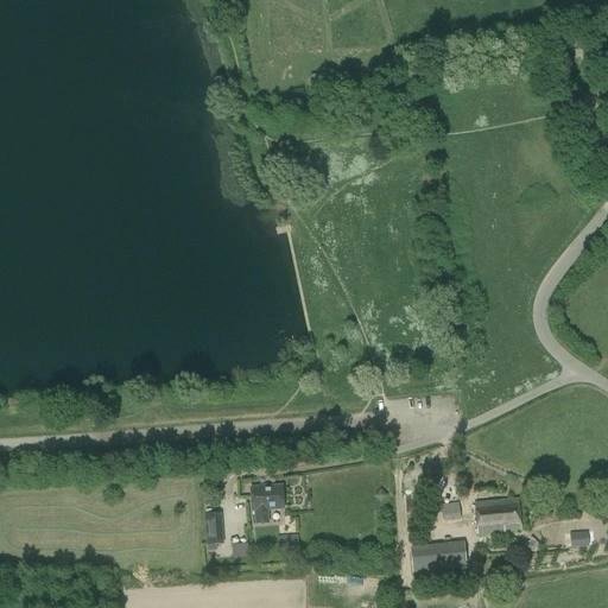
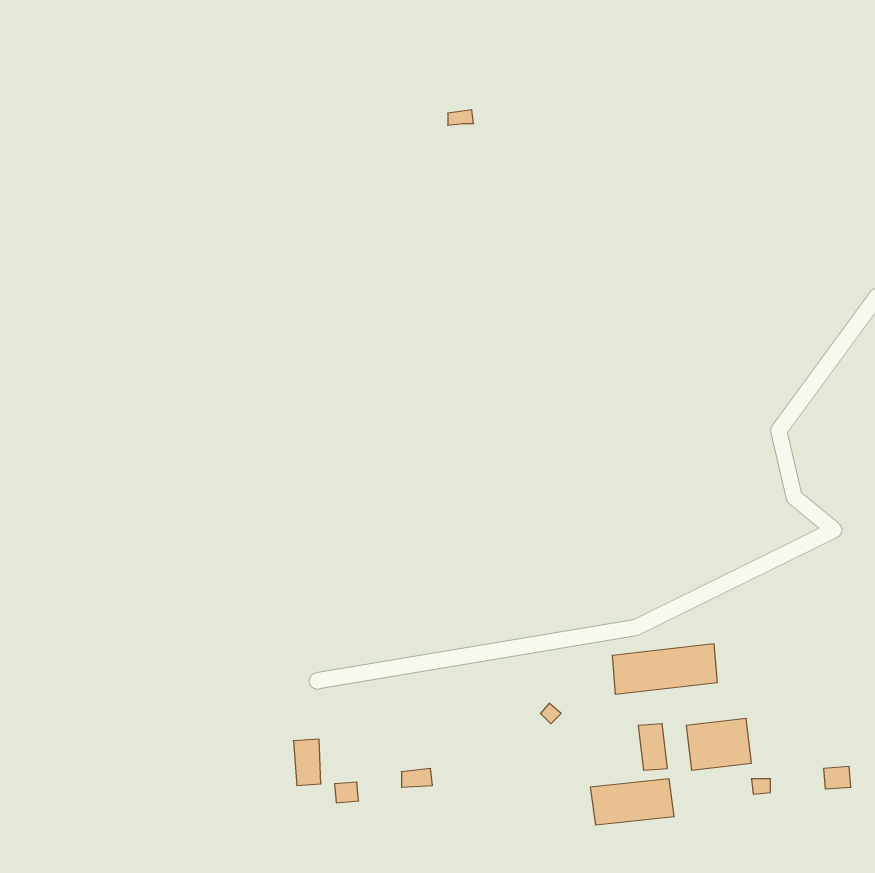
building: none -> [612,644,717,694]
building: [252,483,284,522] -> none

